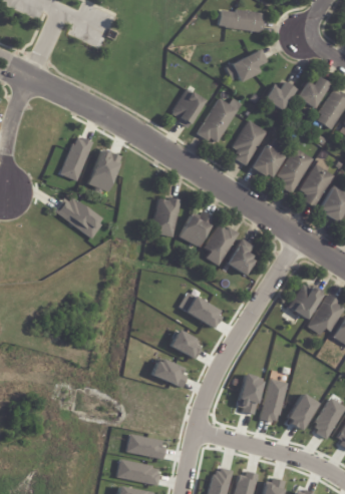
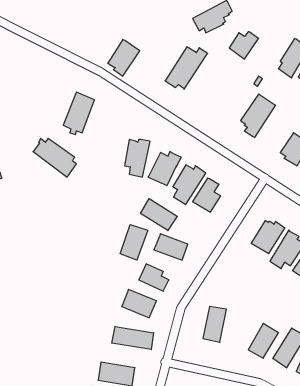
building: [292,77,330,109] -> none
building: [170,89,205,128] -> [108,39,140,76]
building: [232,120,268,166] -> none
building: [60,135,93,178] -> none
building: [251,145,286,178] -> none
building: [300,164,335,209] -> none
building: none -> [141,199,177,231]
building: none -> [120,225,148,260]
building: [259,377,287,423] -> none
building: none -> [112,326,154,350]

